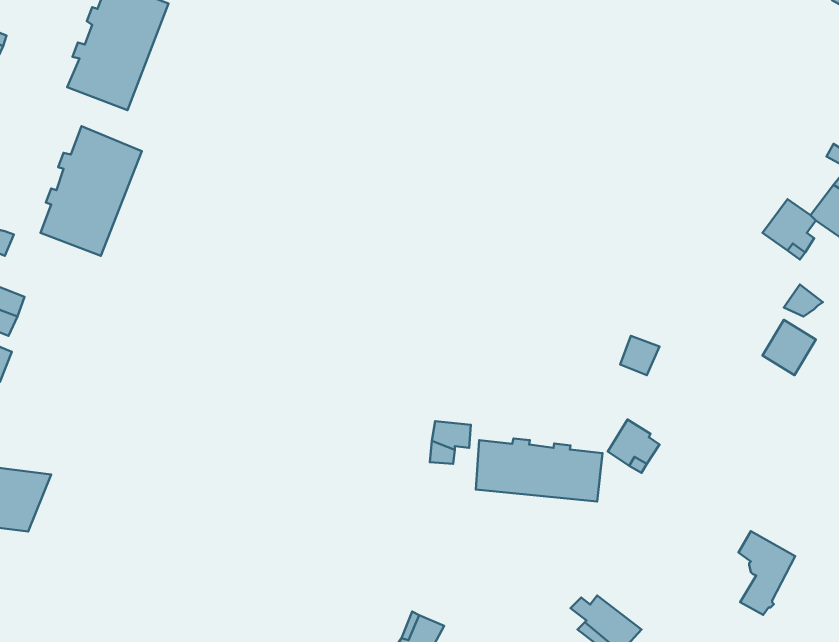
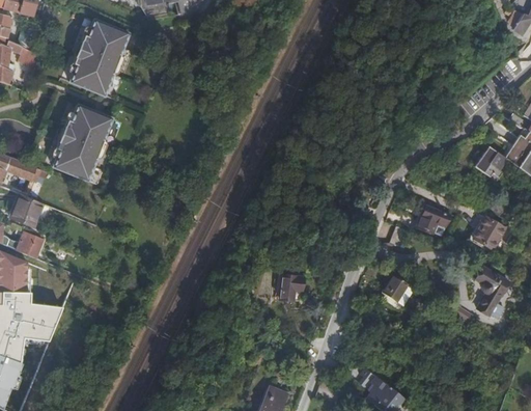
building: none -> [415,203,449,235]
building: [476,439,603,502] -> none
building: [738,531,795,615] -> [477,267,510,316]

